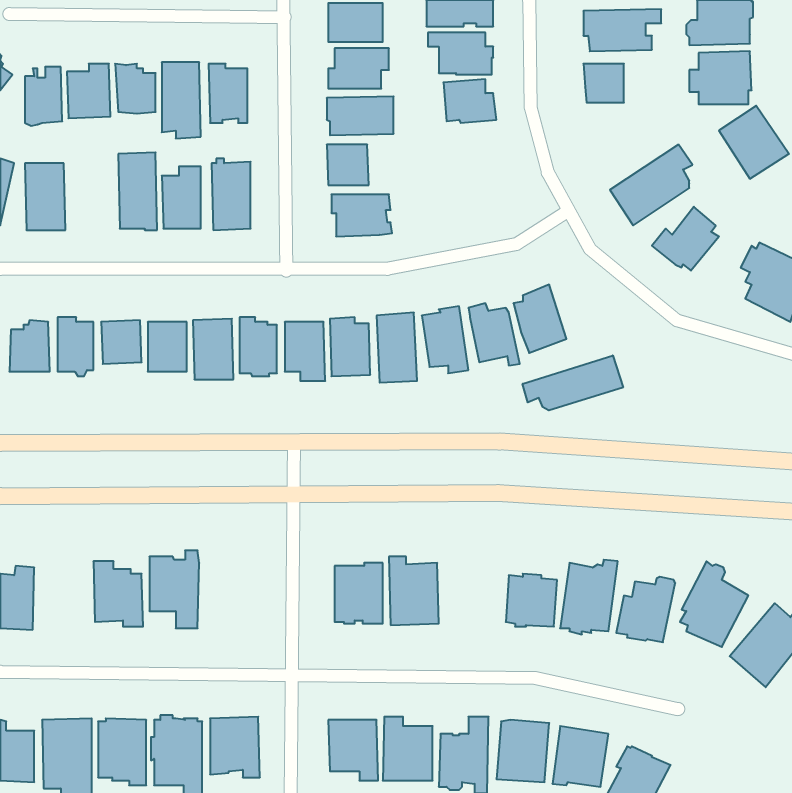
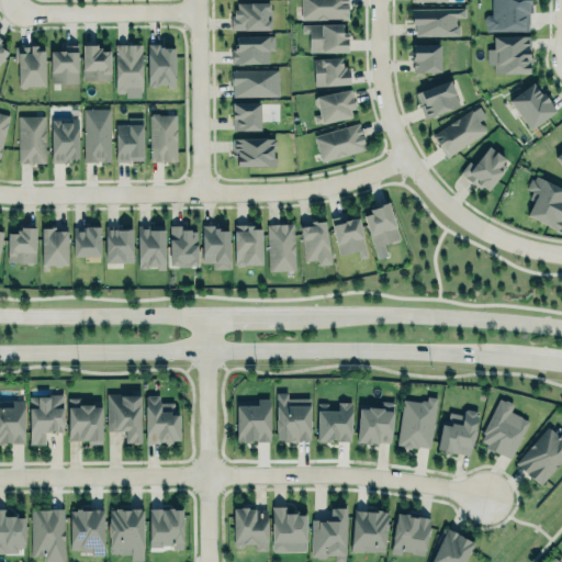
building: none -> [419,81,462,121]
building: none -> [317,90,356,124]
building: none -> [54,117,81,164]
building: none -> [315,123,369,164]
building: [523,355,623,410] -> none
building: none -> [30,393,65,443]
building: none -> [145,394,181,443]
building: none -> [318,401,355,442]

